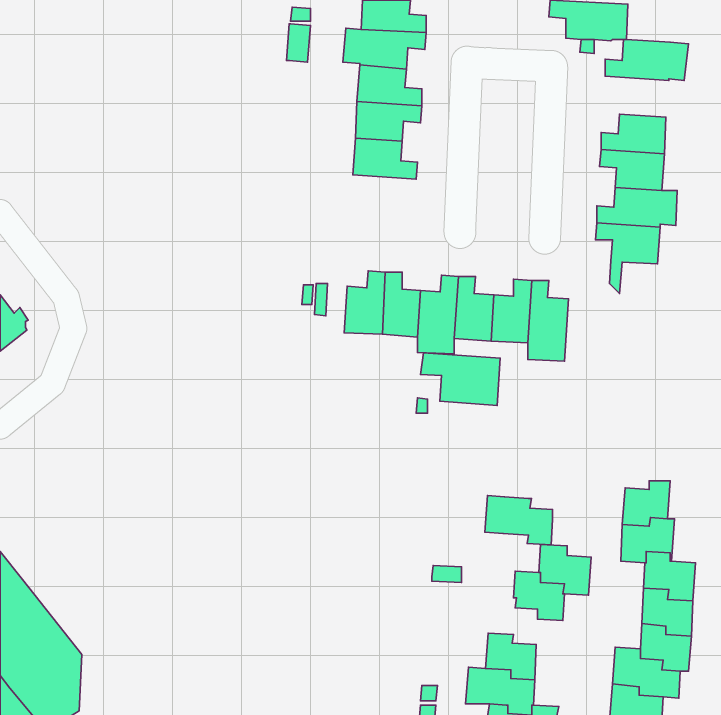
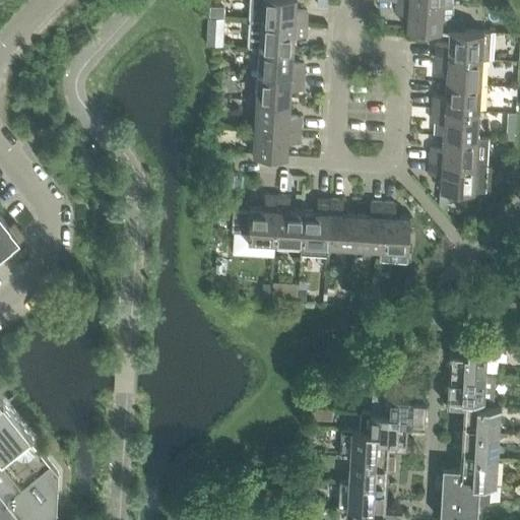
building: none -> [435,59,481,88]
building: none -> [253,130,300,158]
building: [421,353,500,406] -> none
building: [485,496,553,545] -> [338,433,387,468]

